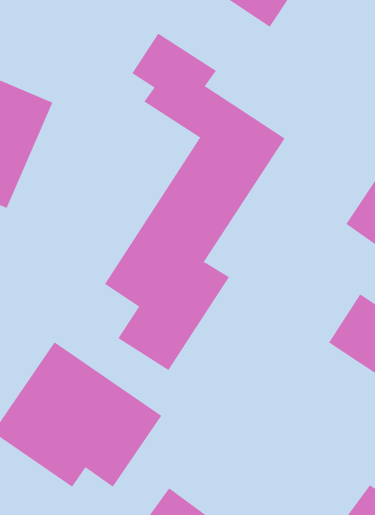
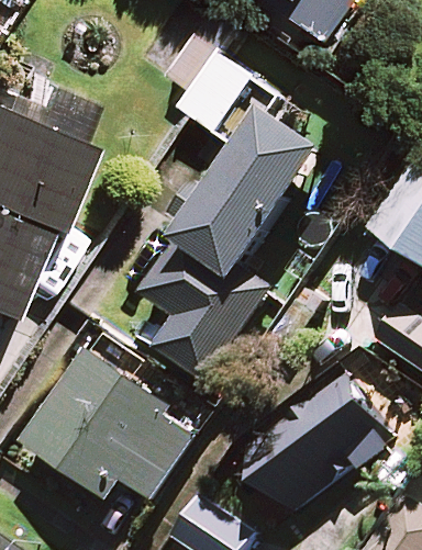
building: none -> [238,374,397,523]

